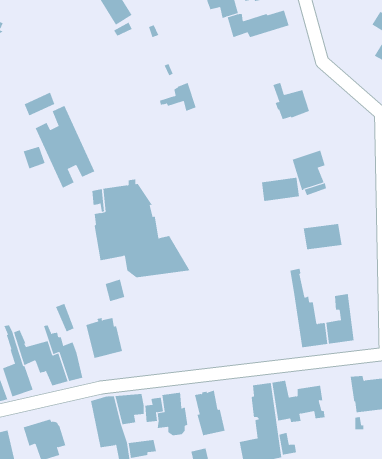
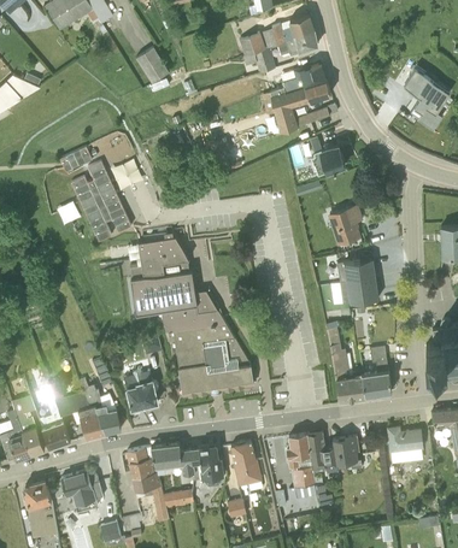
building: none -> [269,79,336,132]
building: [261,177,300,201] -> [336,258,375,282]
building: none -> [172,324,254,399]

